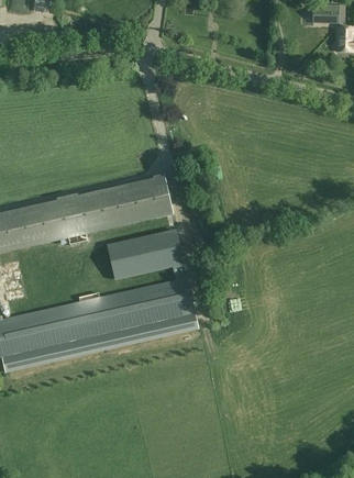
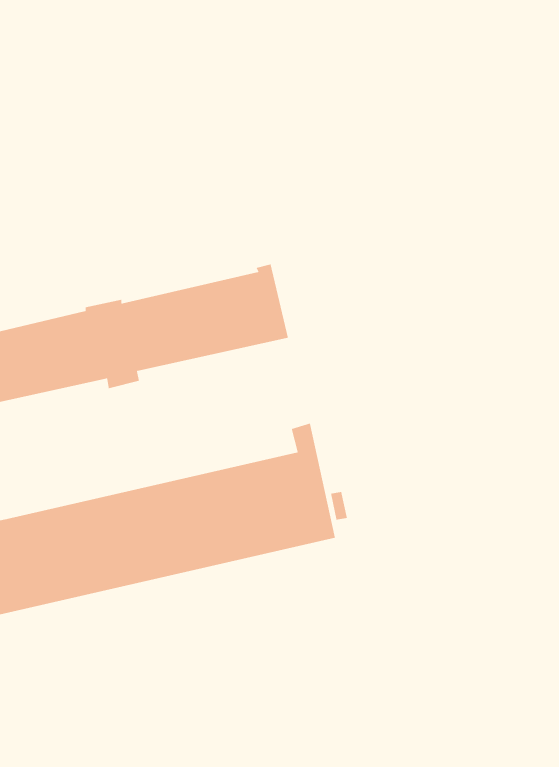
building: [106,229,182,278] -> none

